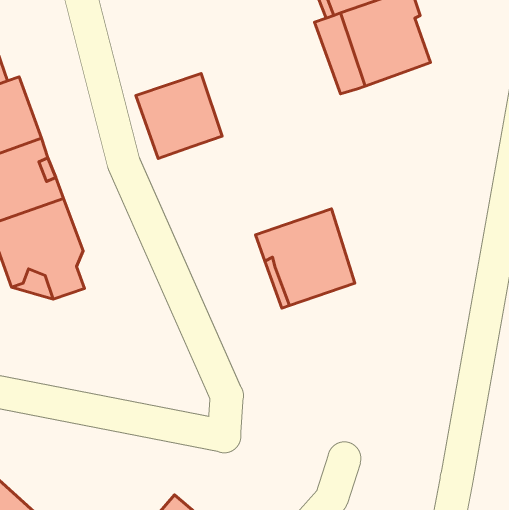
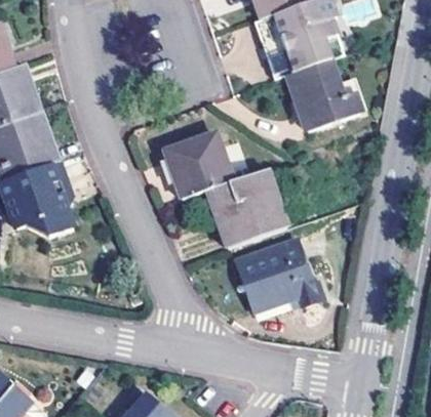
building: none -> [289,59,361,132]
building: [136,73,222,158] -> [165,131,233,198]
building: none -> [235,240,322,308]

